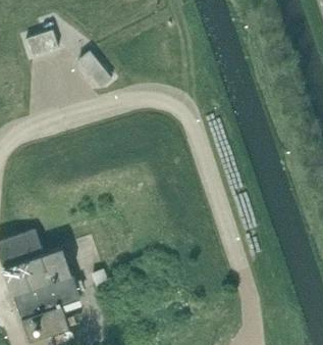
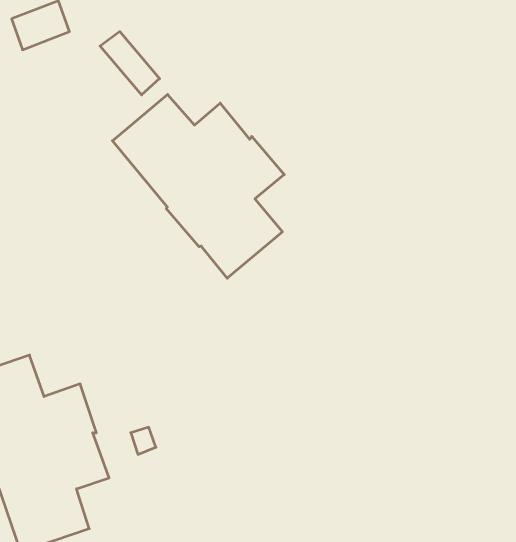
building: none -> [112,94,284,278]

